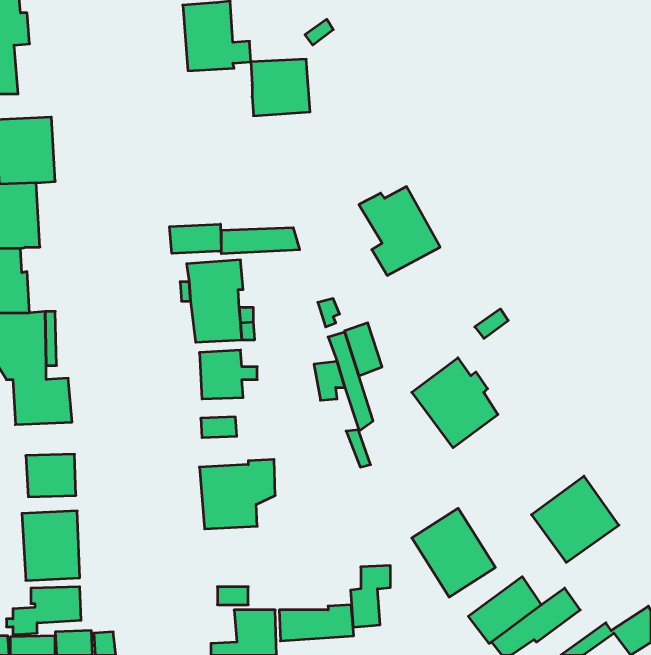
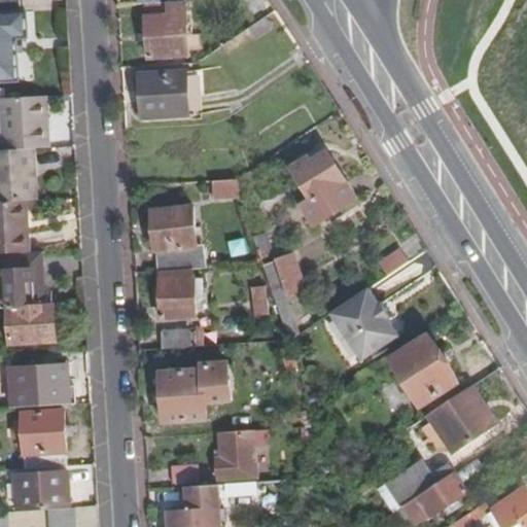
building: [251,59,310,116] -> [140,73,187,118]
building: [170,224,221,253] -> none
building: [412,508,495,597] -> [386,333,453,405]
building: [351,566,390,627] -> [216,433,248,483]

